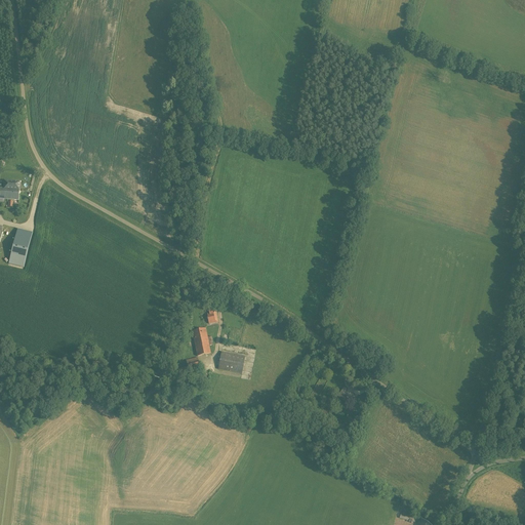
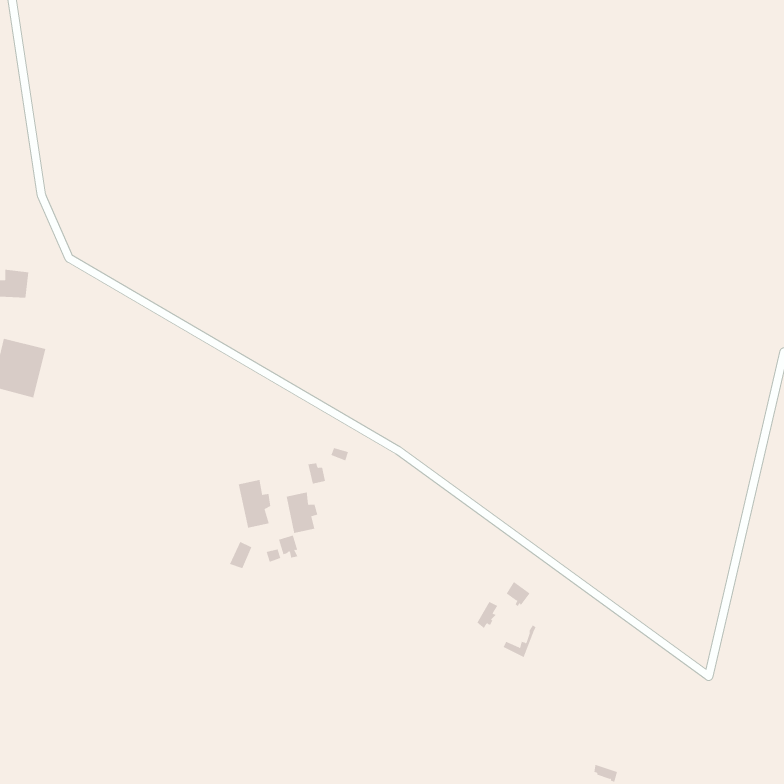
building: none -> [238,479,271,528]
building: [217,351,244,373] -> none

